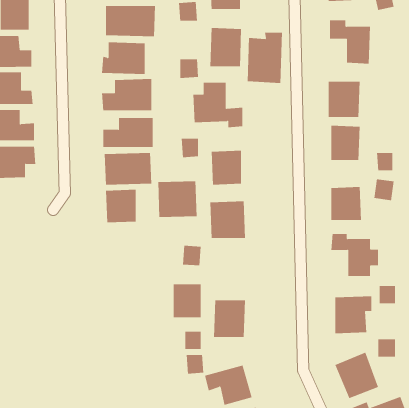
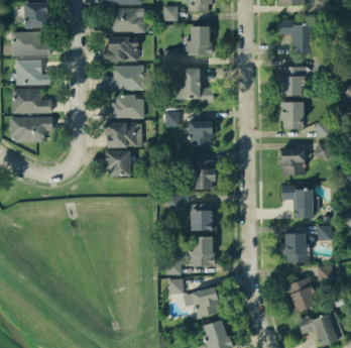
building: [247,32,283,84] -> none
building: [158,180,197,218] -> none
building: [173,284,201,318] -> [191,204,213,230]

